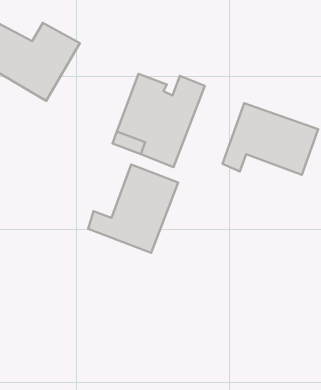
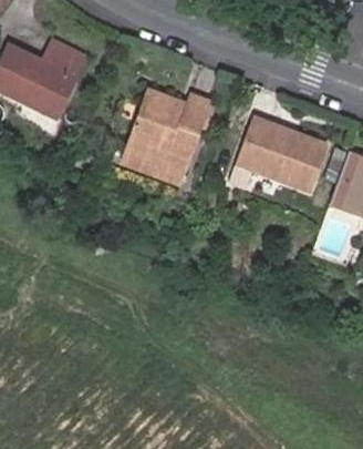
building: [88,165,178,253] -> none

